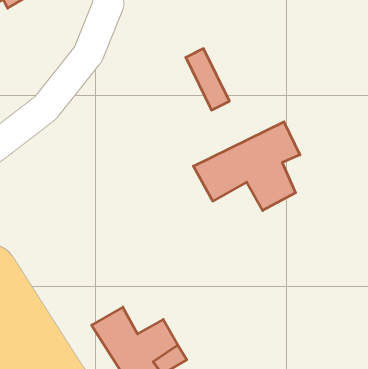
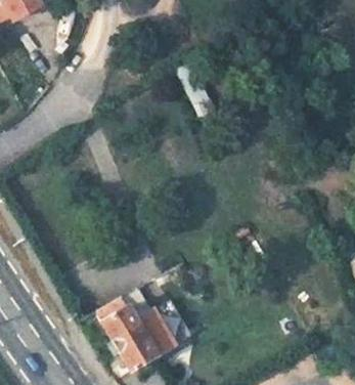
building: [193,122,300,211] -> none

